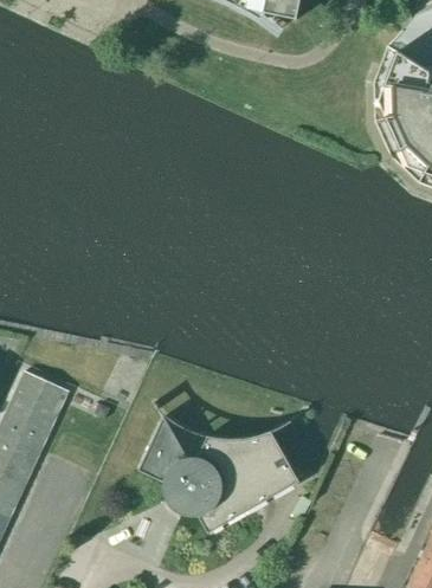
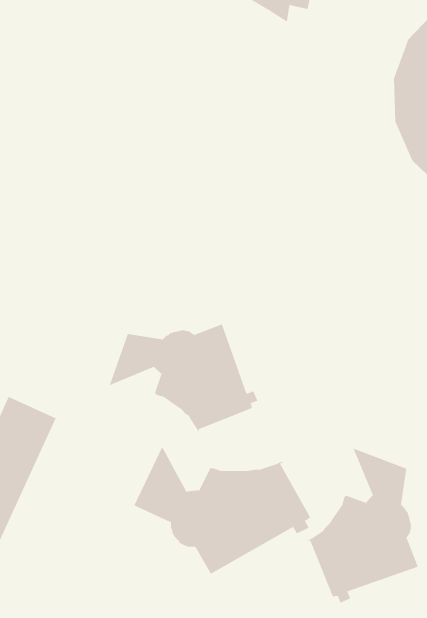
building: none -> [109,323,258,432]
building: none -> [307,447,419,603]

